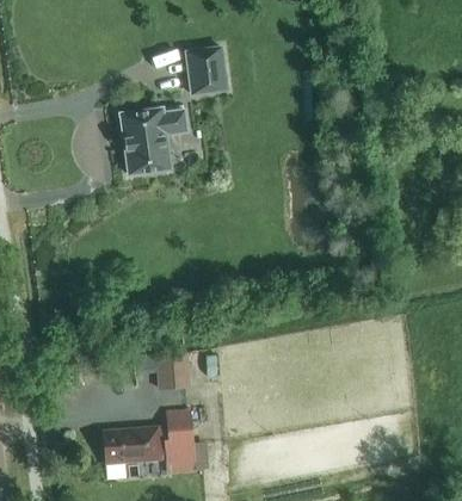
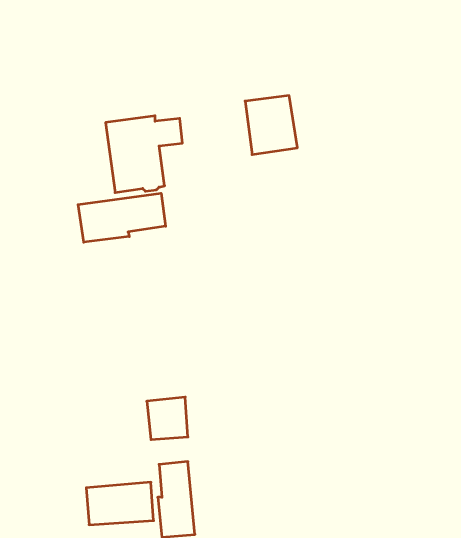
building: [184,45,229,97] -> [245,96,297,155]
building: none -> [78,193,166,242]

